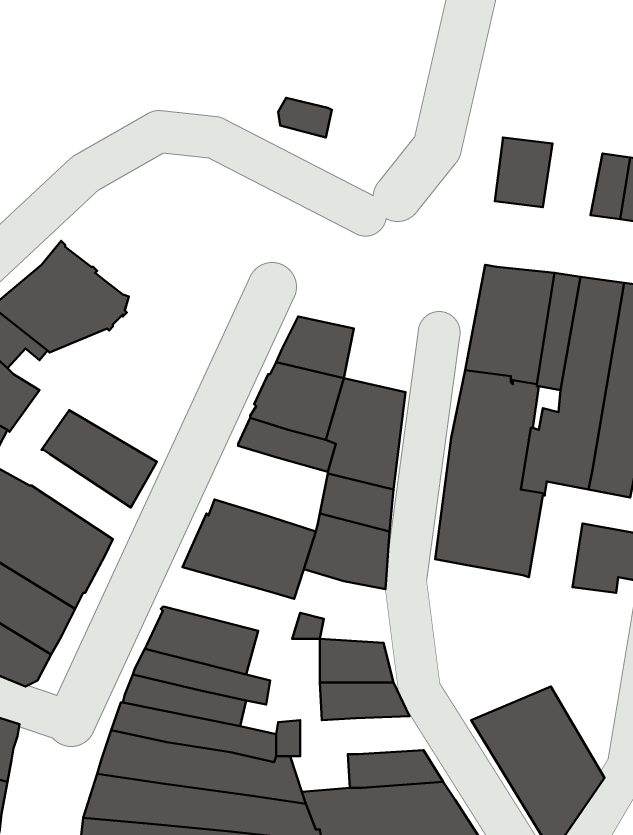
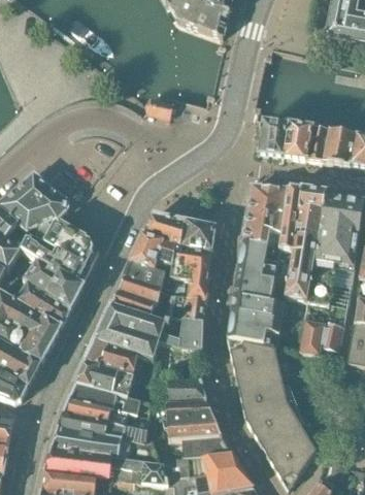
building: none -> [283,121,313,158]
building: none -> [179,217,214,250]
building: none -> [8,221,98,286]
building: none -> [112,277,171,322]
building: none -> [18,282,69,326]
building: none -> [227,336,287,420]
building: none -> [87,340,140,373]
building: none -> [168,418,221,437]

